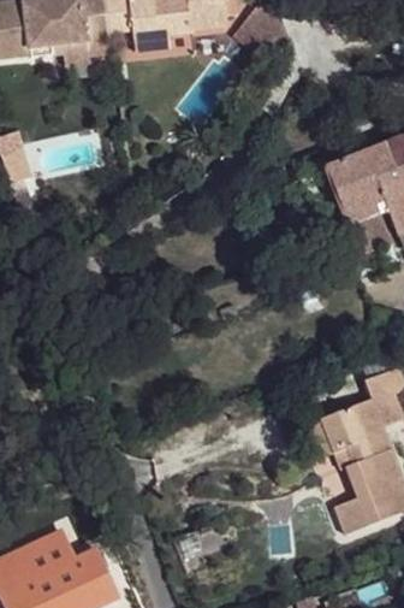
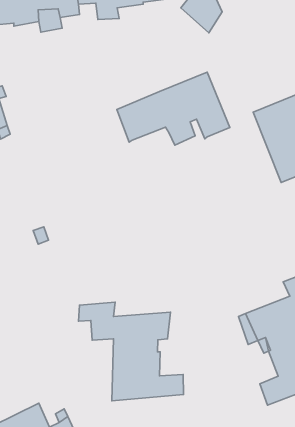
building: none -> [117,72,230,145]
building: none -> [79,302,183,401]

